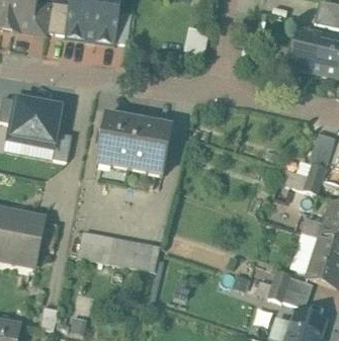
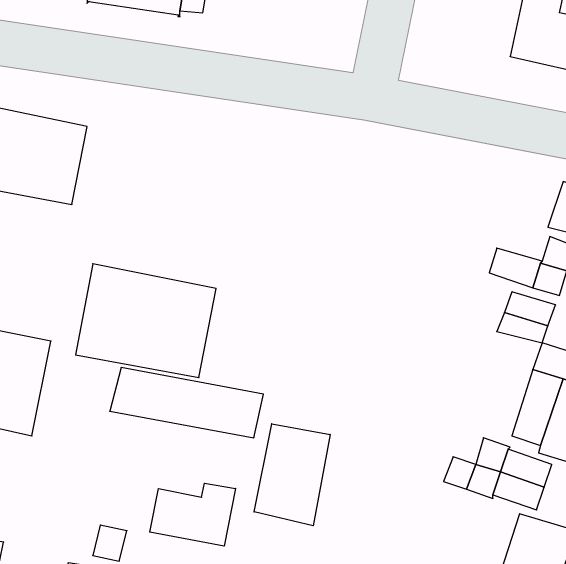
building: [96,113,171,174] -> [76,264,216,378]
building: none -> [254,424,330,526]
building: none -> [150,483,236,546]

